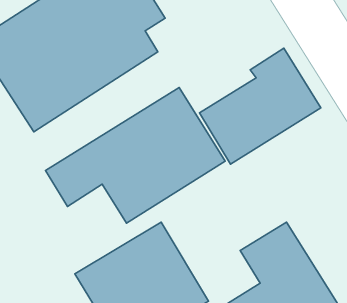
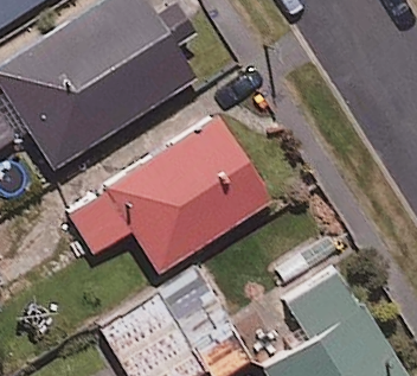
building: [199,48,321,164] -> none

